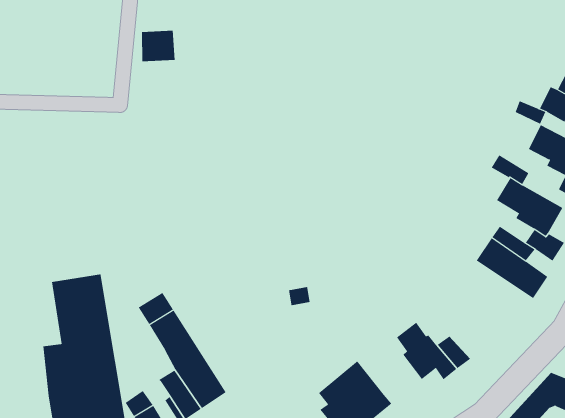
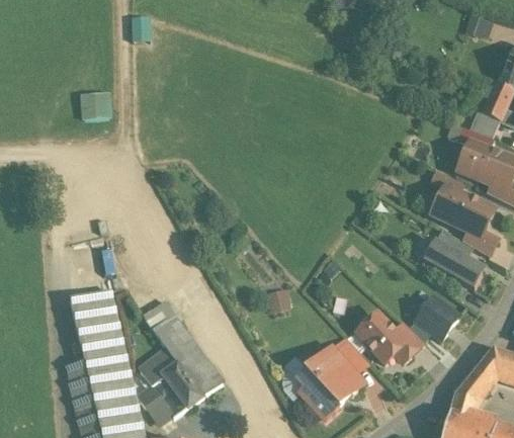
building: [141,30,175,62] -> [82,92,112,120]
building: none -> [417,296,458,337]
building: none -> [330,337,368,376]
building: none -> [138,350,177,386]

